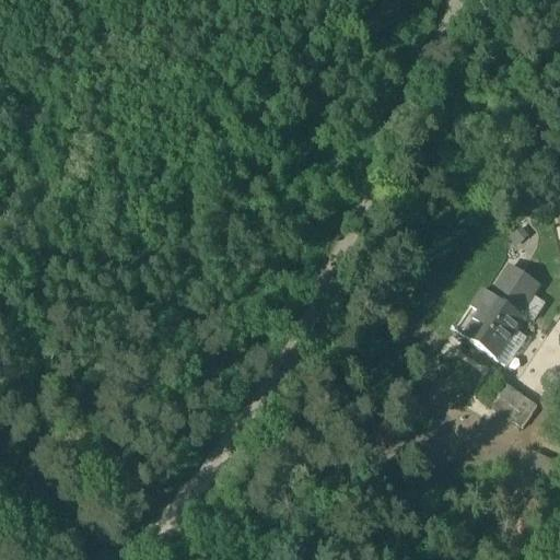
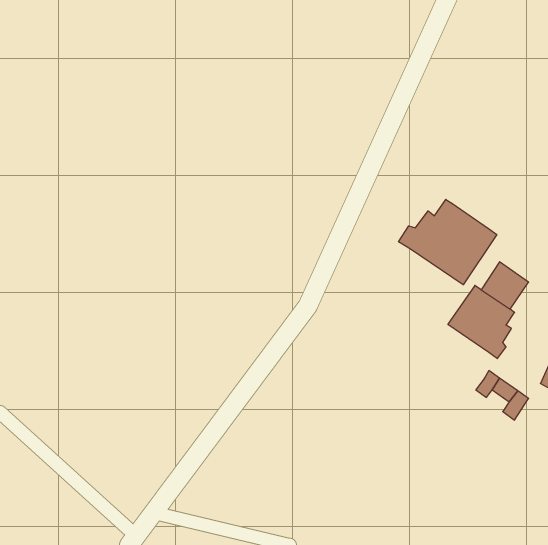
building: none -> [399,199,497,285]

